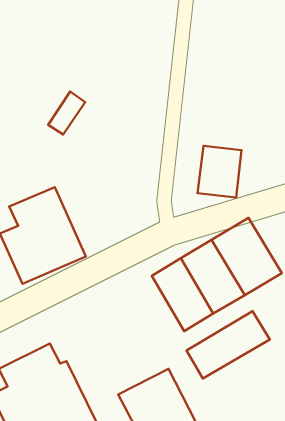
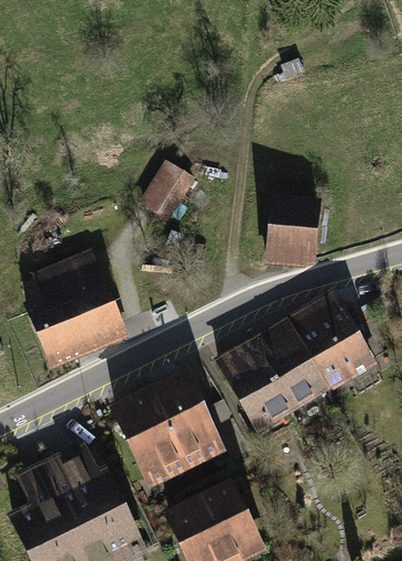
building: [48,92,85,135] -> [140,163,186,217]
building: none -> [109,367,227,486]
building: [186,311,270,378] -> none

